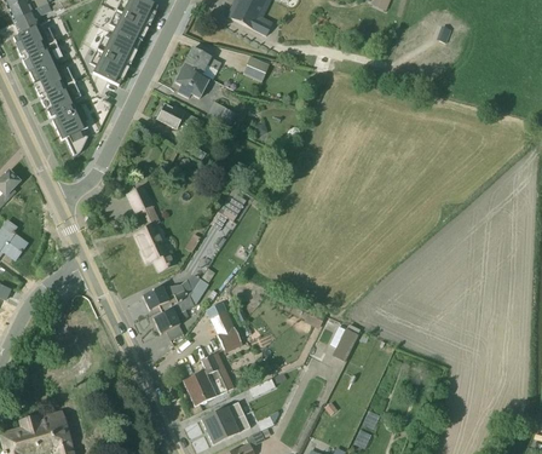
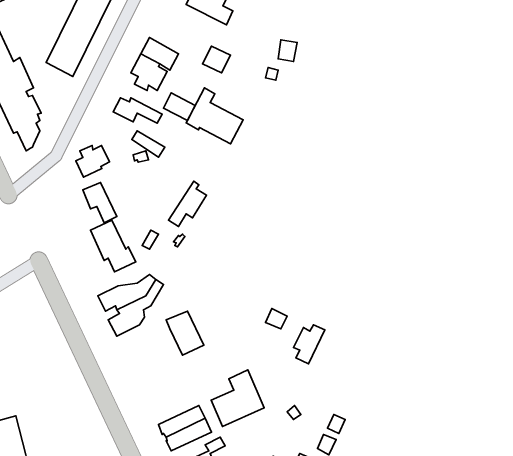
building: none -> [186,88,243,144]
building: none -> [76,145,109,177]
building: [183,351,233,406] -> [211,370,264,427]

